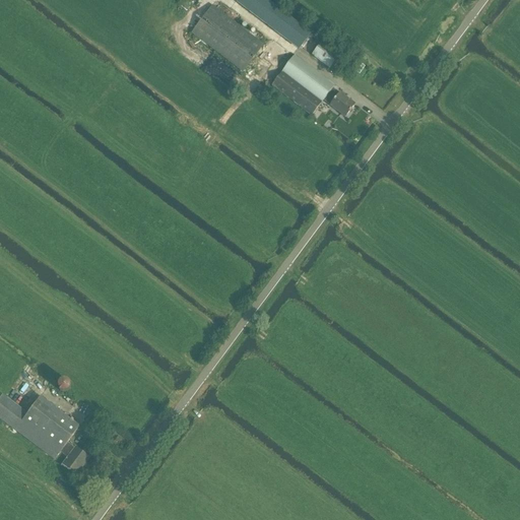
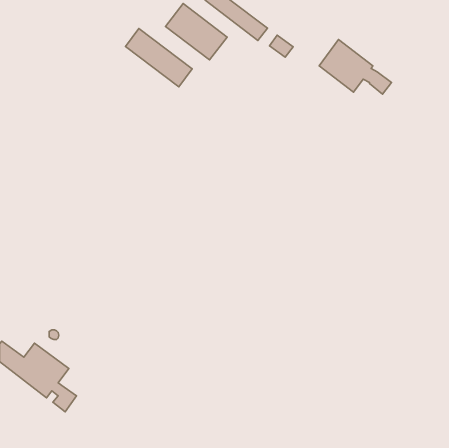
building: none -> [126,28,192,87]
building: [271,53,354,116] -> [319,39,391,94]

